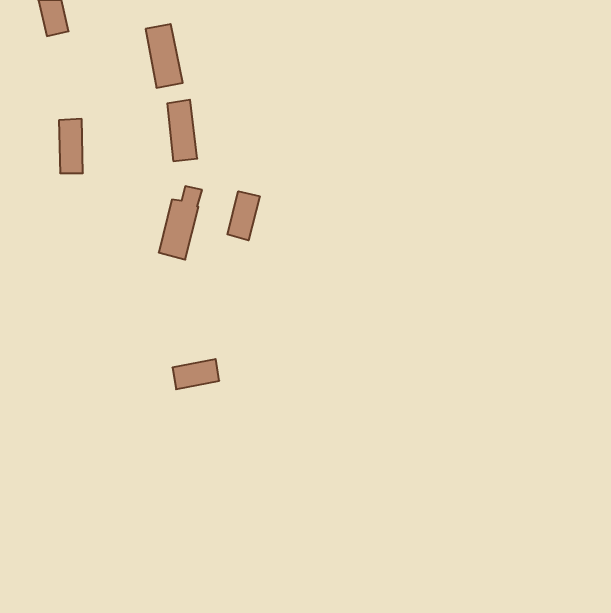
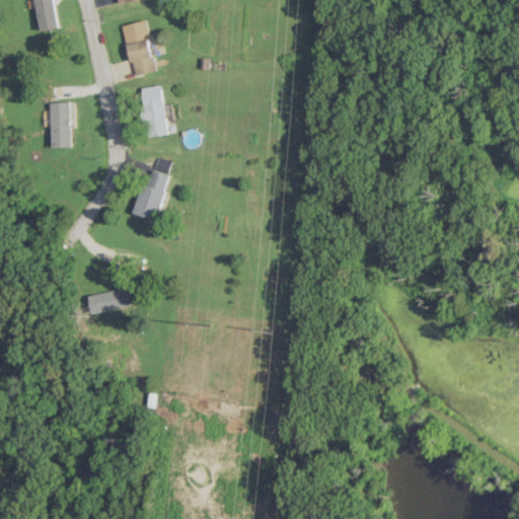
building: [227,191,260,240] -> none
building: [172,359,219,389] -> [89,288,129,313]

